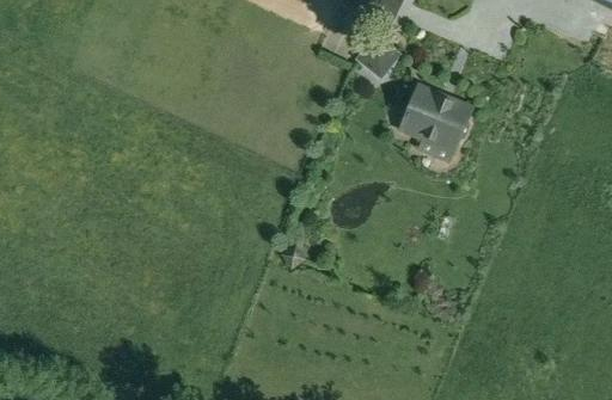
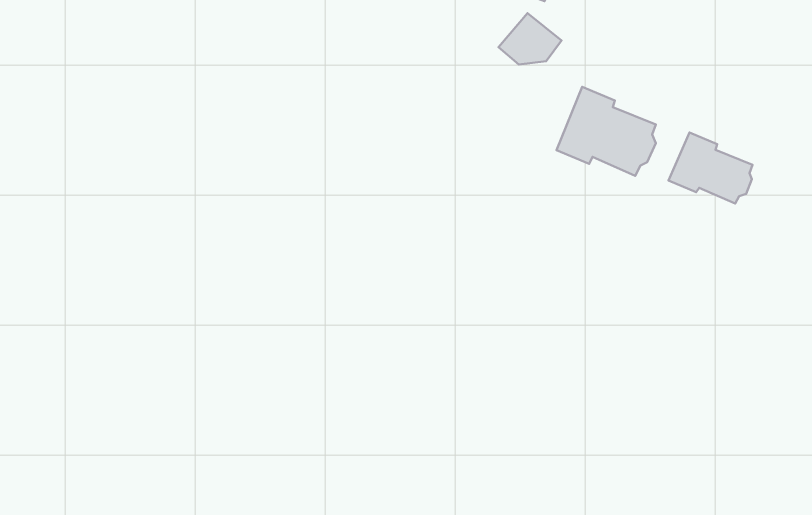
building: none -> [668,133,752,204]

